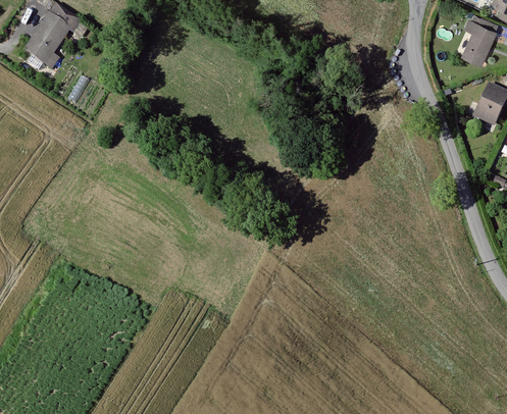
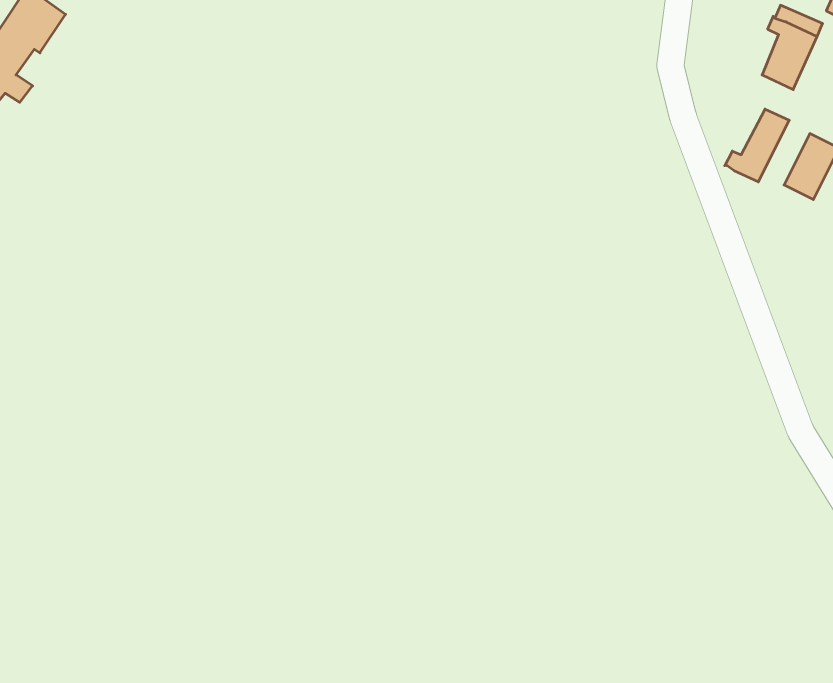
building: none -> [725,109,789,182]

